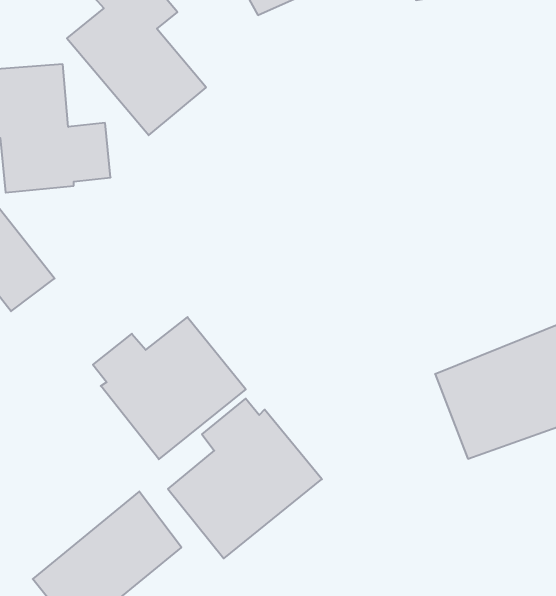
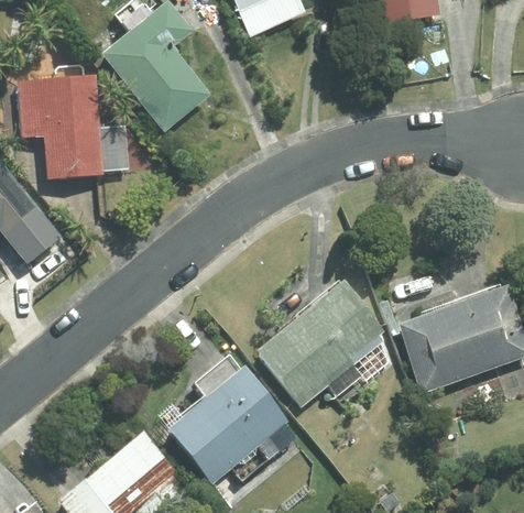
building: [93,317,246,459] -> none
building: none -> [265,282,385,397]

